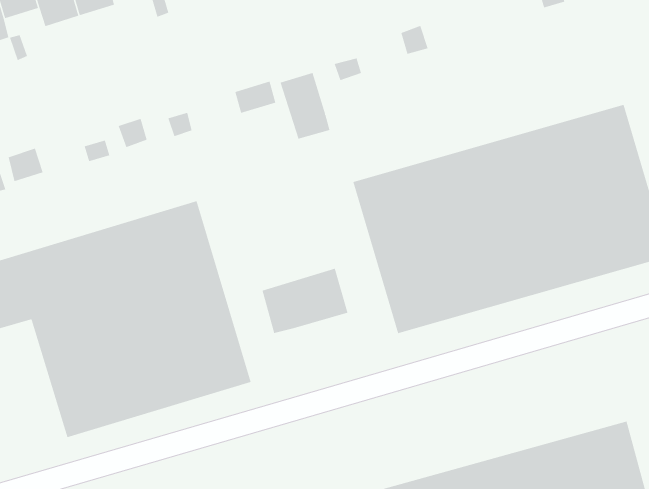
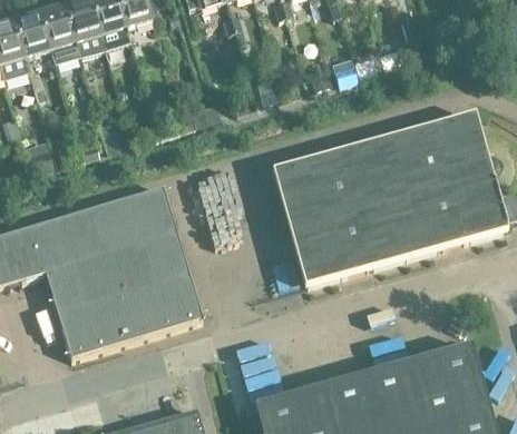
building: [280,72,330,140] -> none
building: [262,268,348,334] -> none

